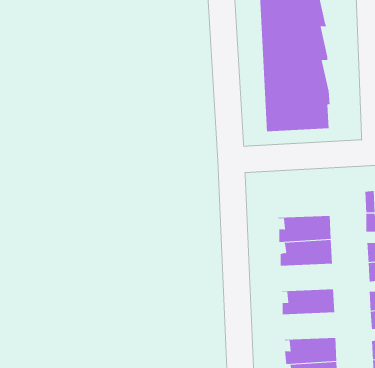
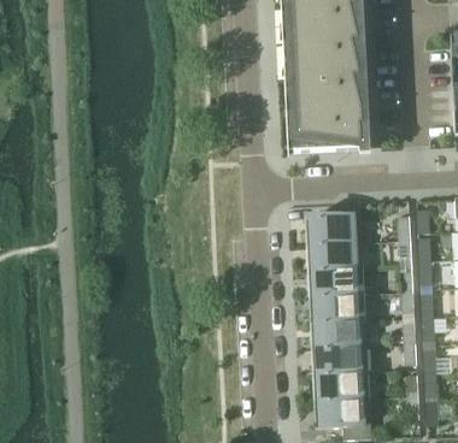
building: none -> [305,200,363,243]
building: none -> [309,293,366,321]
building: none -> [311,344,369,373]

